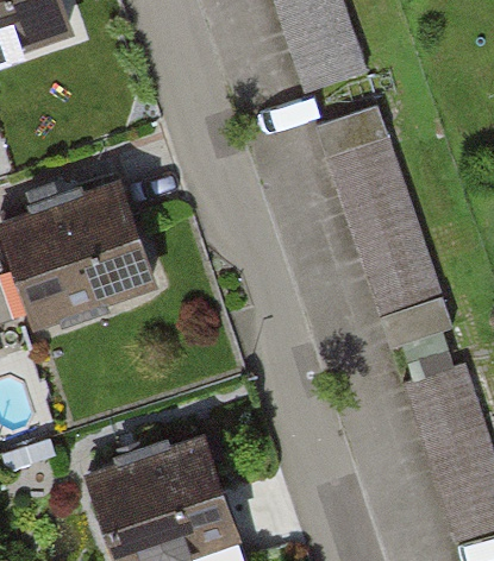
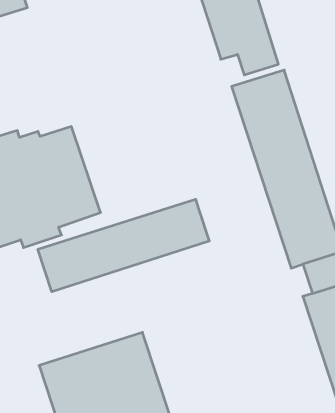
building: none -> [38,199,209,292]

